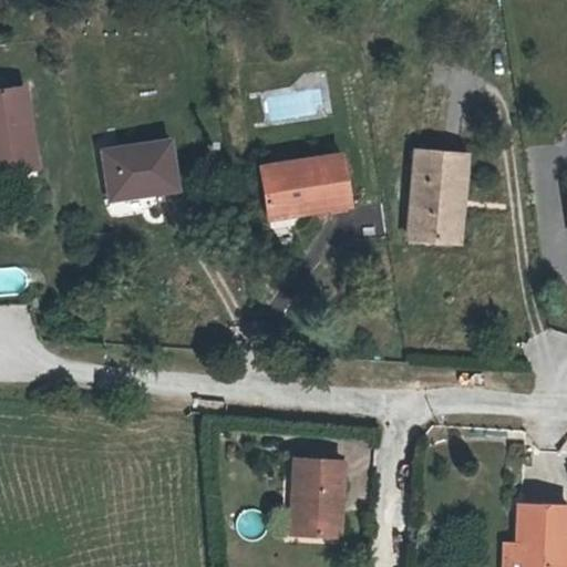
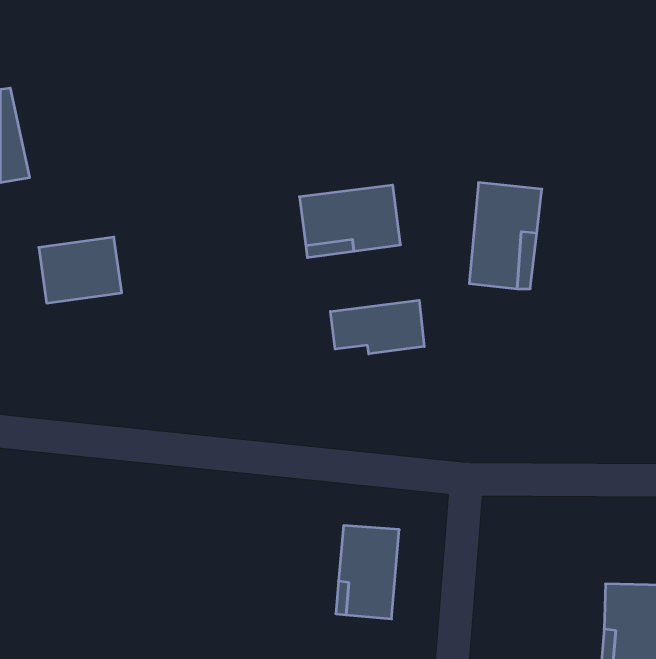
building: [103,136,174,193] -> [39,237,122,303]
building: none -> [330,300,424,354]

